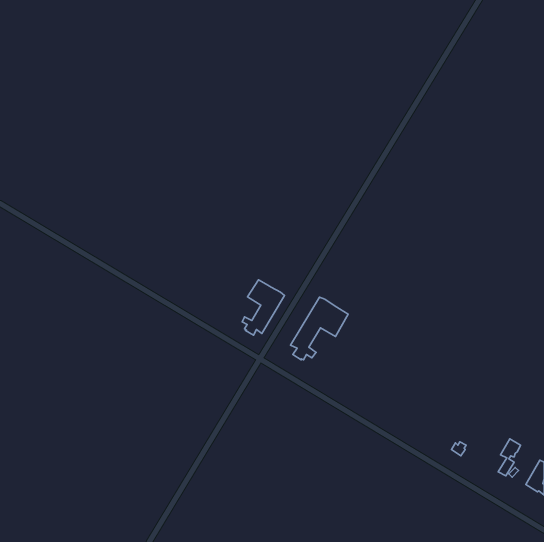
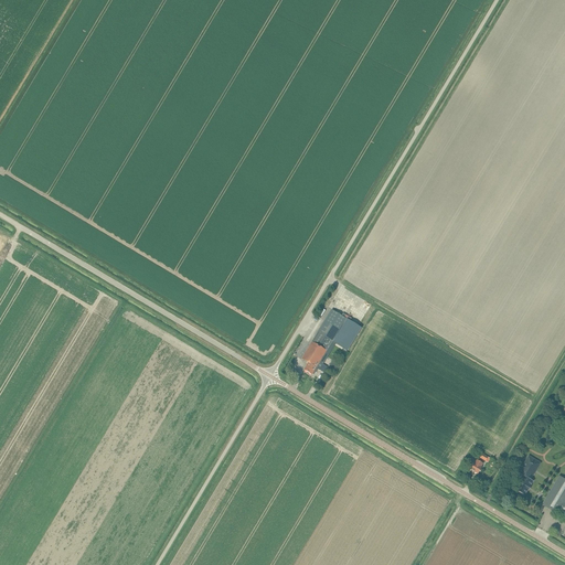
building: [242,280,284,335] -> none

